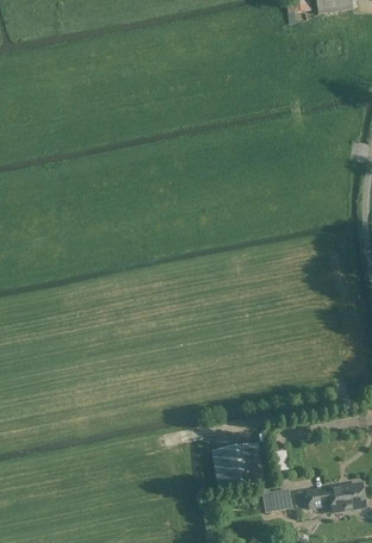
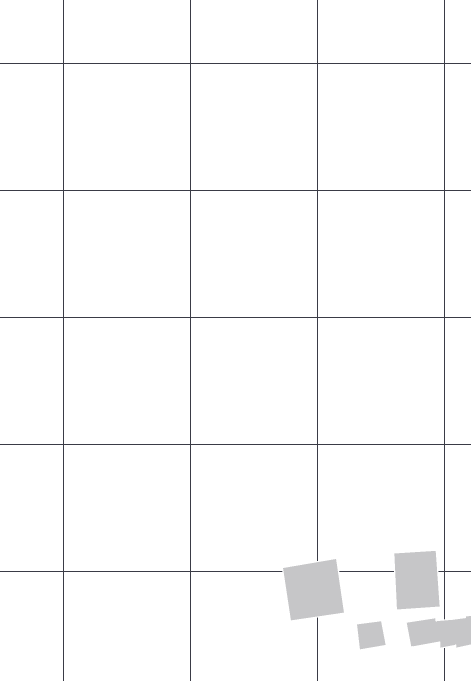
building: none -> [394,550,440,610]

